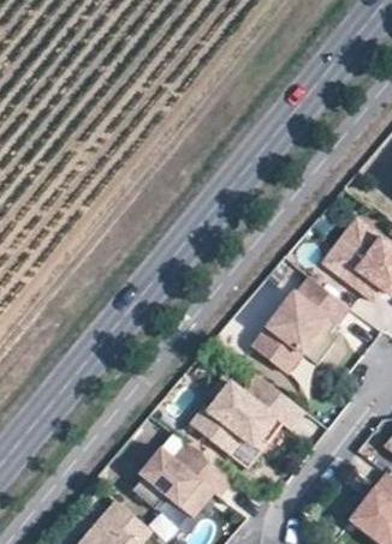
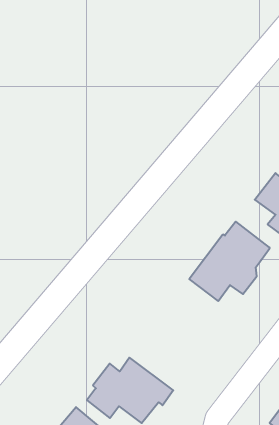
building: [190,373,304,456] -> none

